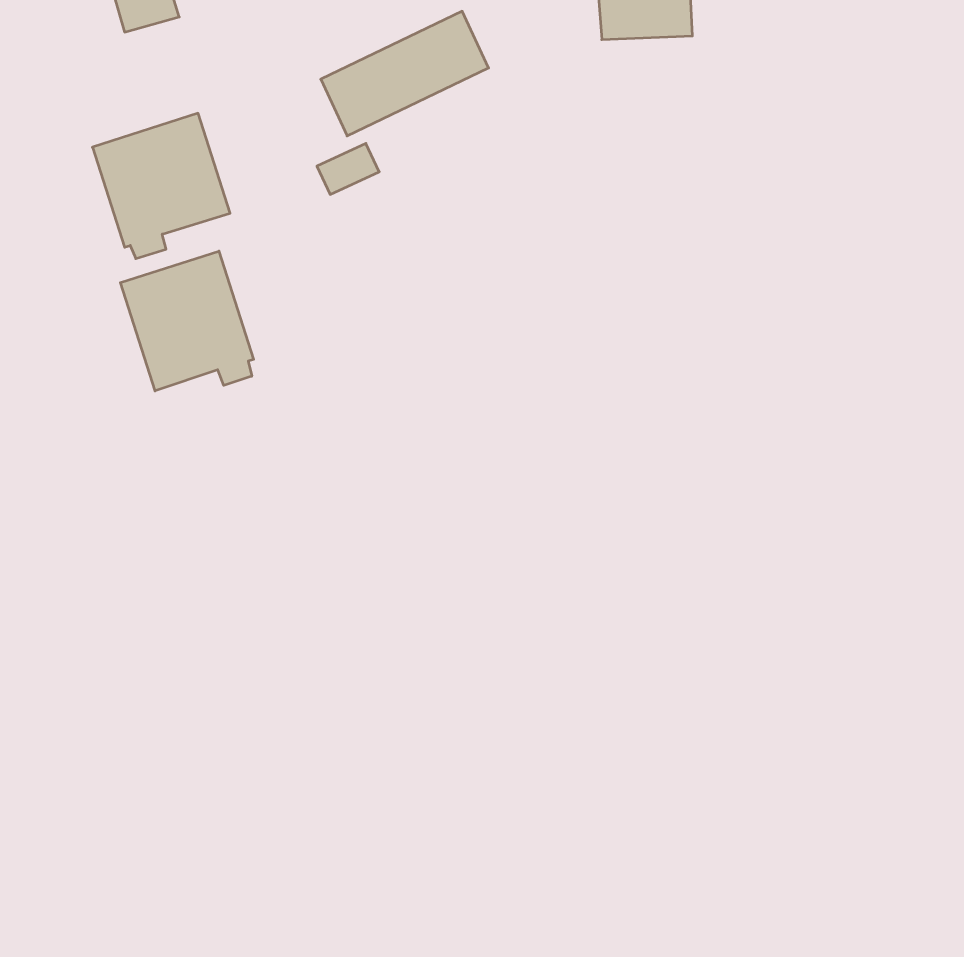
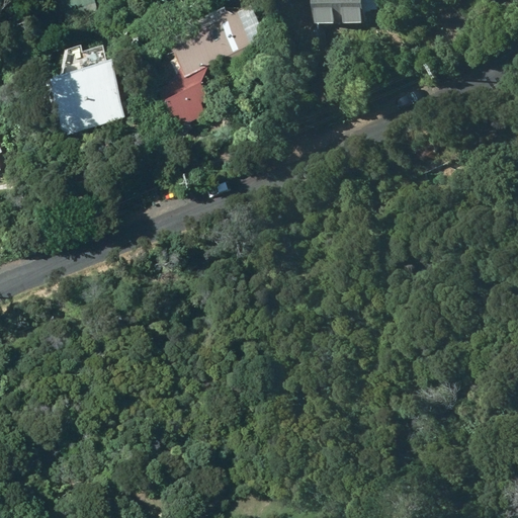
building: [120,251,254,391] -> none

